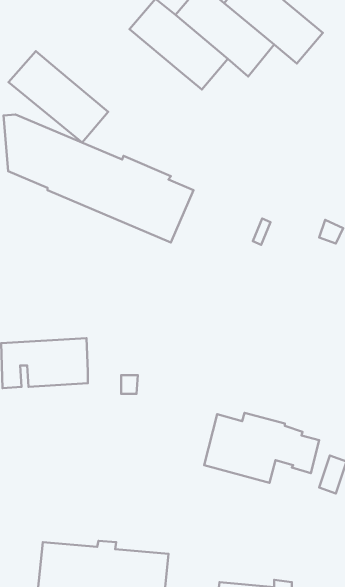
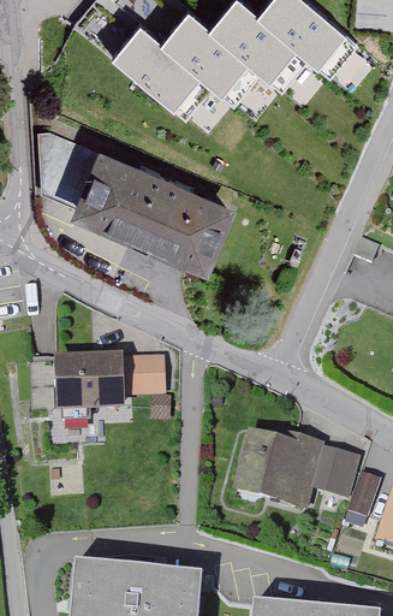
building: [8,51,108,142] -> [113,25,214,118]
building: none -> [119,356,162,391]

